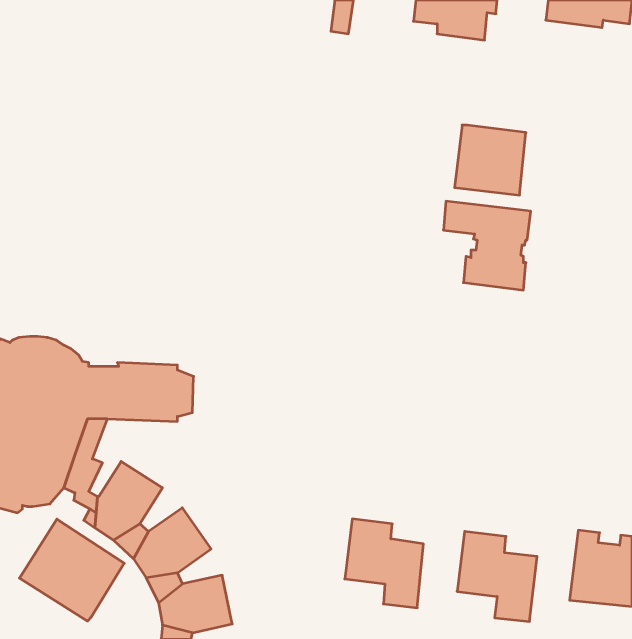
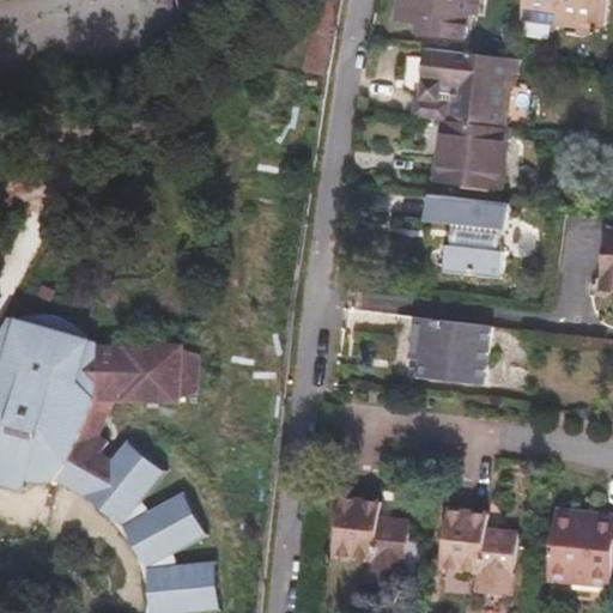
building: none -> [414,48,516,127]
building: none -> [408,316,490,386]
building: [19,519,124,621] -> none

